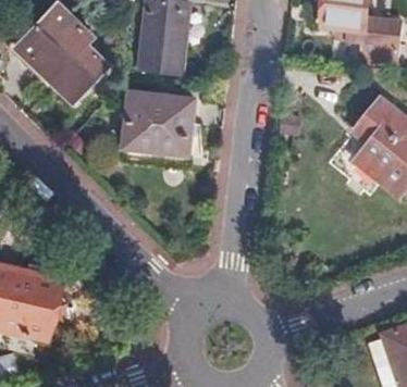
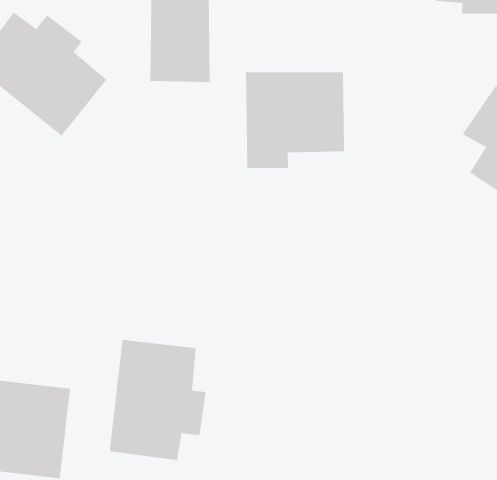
building: [120,93,195,164] -> [245,72,345,169]
building: none -> [109,339,206,461]

